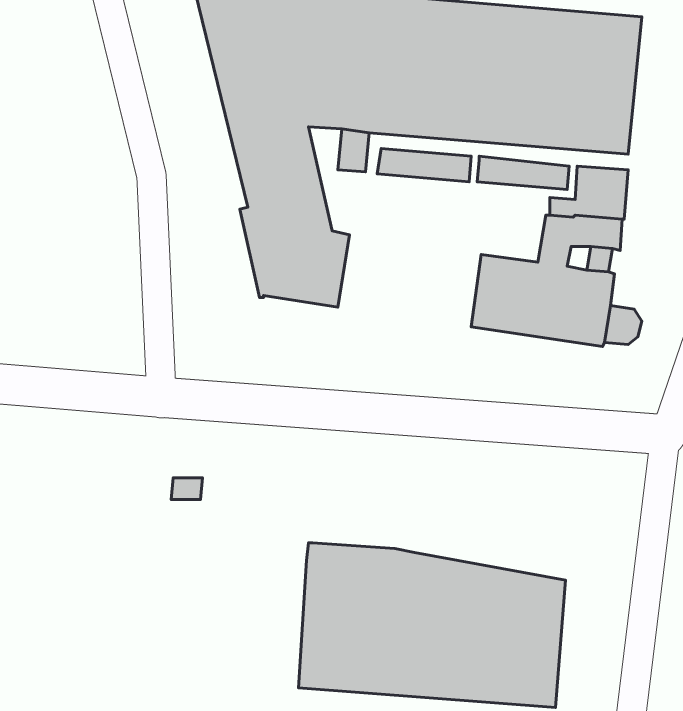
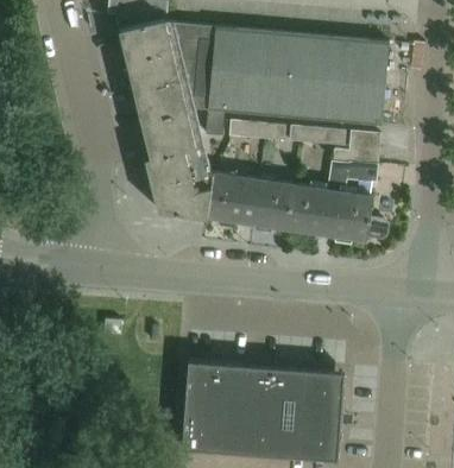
building: none -> [206,173,292,229]

